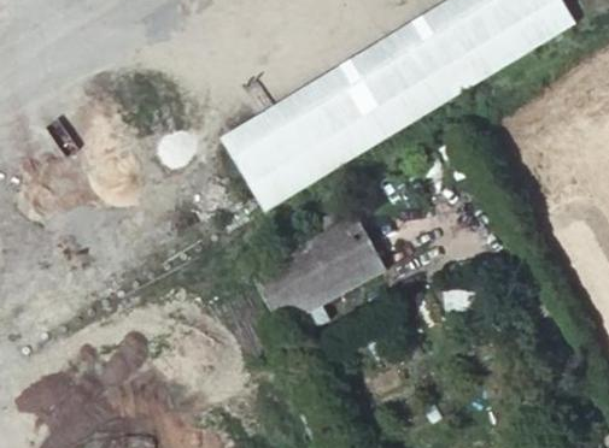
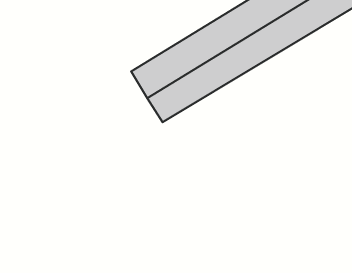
building: [248,200,385,324] -> none

